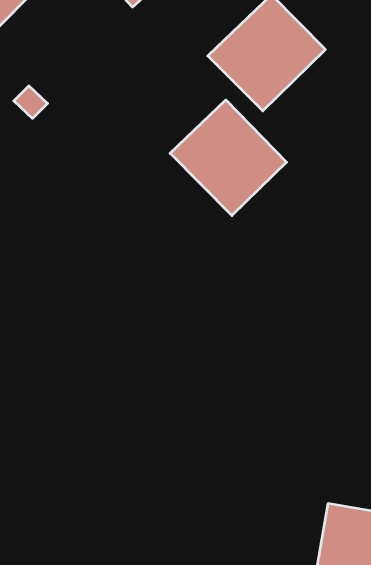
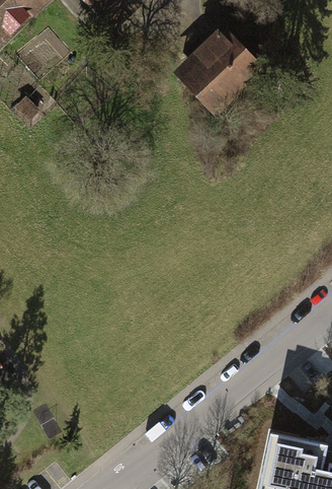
building: [170,100,287,216] -> none

